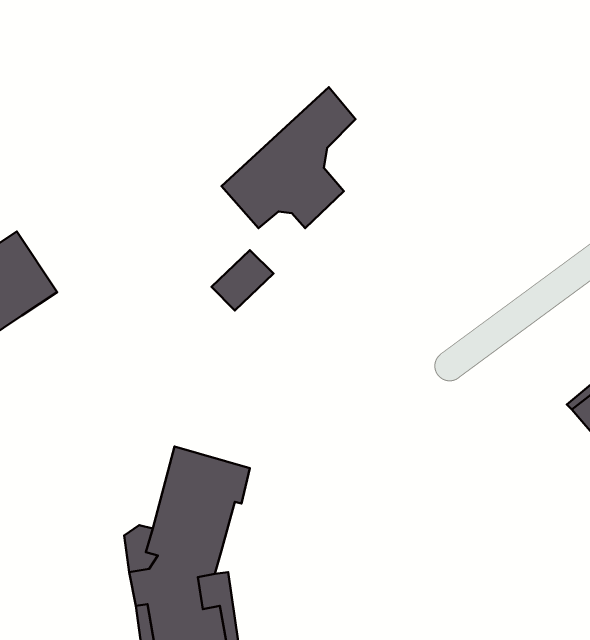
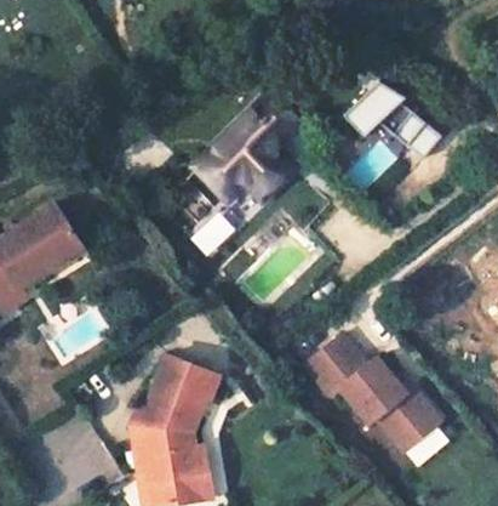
building: none -> [344,75,442,163]
building: none -> [307,335,441,453]

